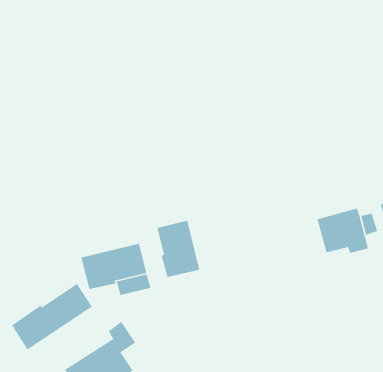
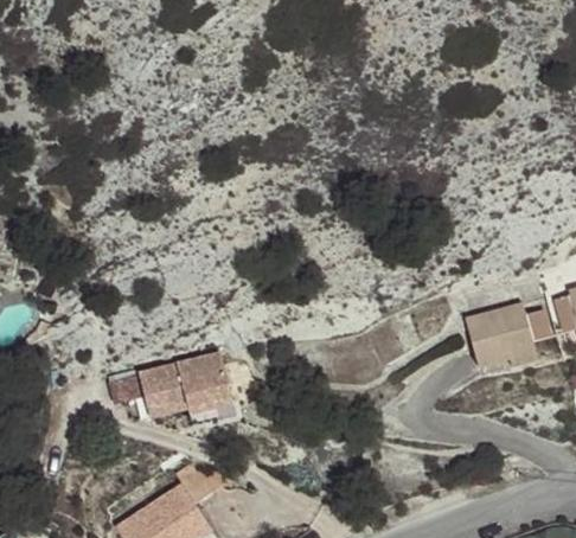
building: [156,220,200,278] -> none
building: [11,283,93,351] -> none

